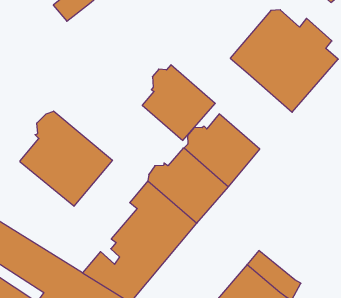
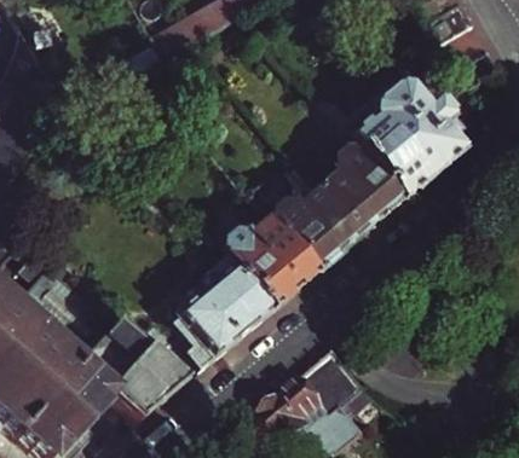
building: [142,65,215,140] -> [317,147,399,234]
building: [20,111,112,206] -> none

